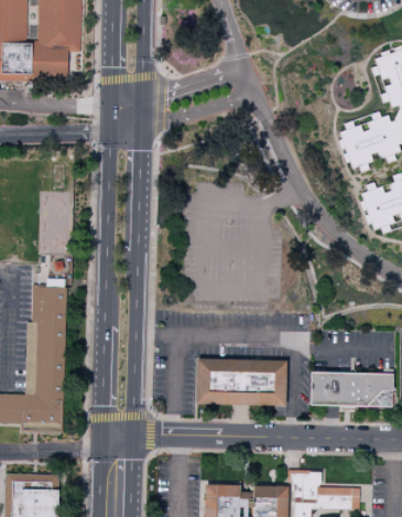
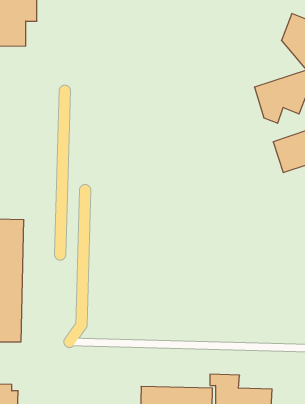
building: [196,358,287,406] -> none
building: [311,371,393,407] -> none

